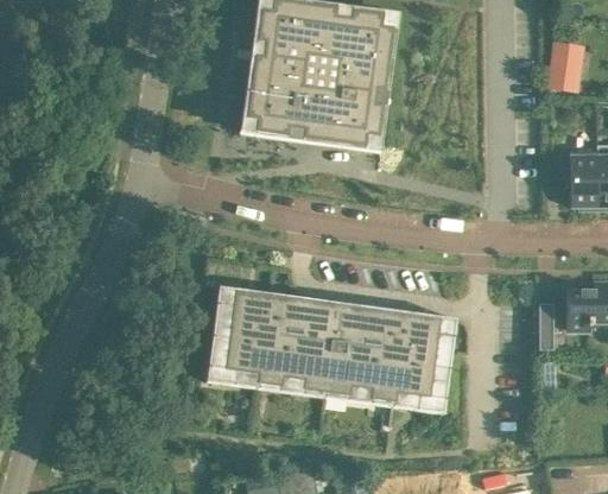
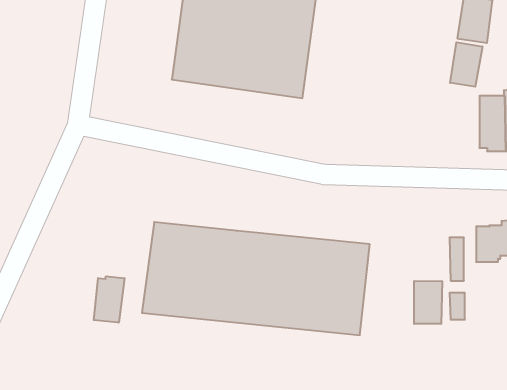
building: none -> [450,42,482,87]
building: none -> [94,276,124,323]
building: none -> [414,281,442,324]

